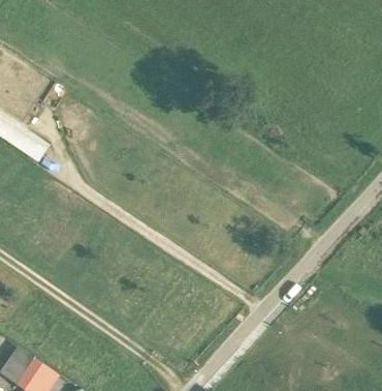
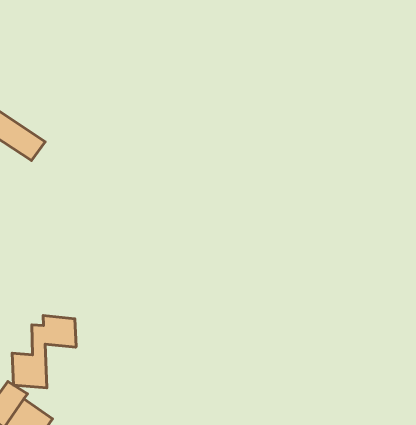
building: none -> [12,316,76,388]

